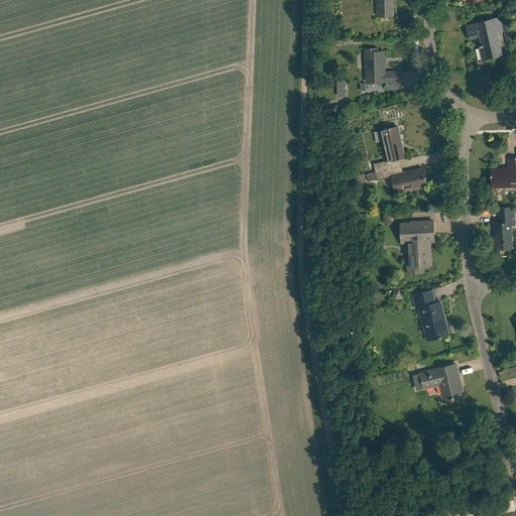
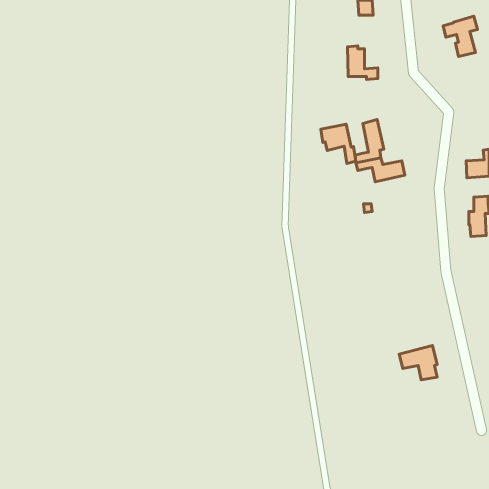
building: none -> [321,124,356,163]
building: [401,221,434,272] -> none
building: [413,290,447,339] -> none

